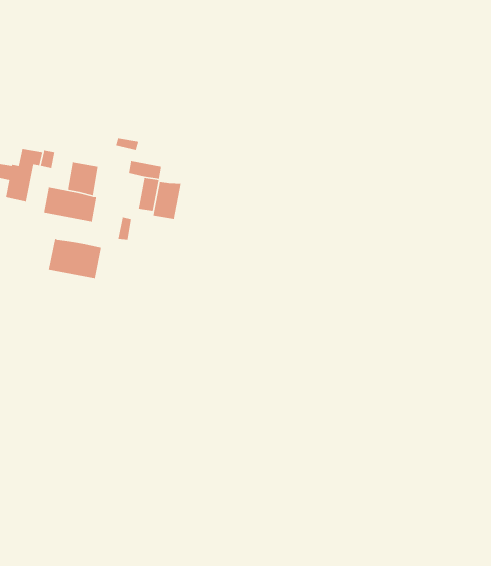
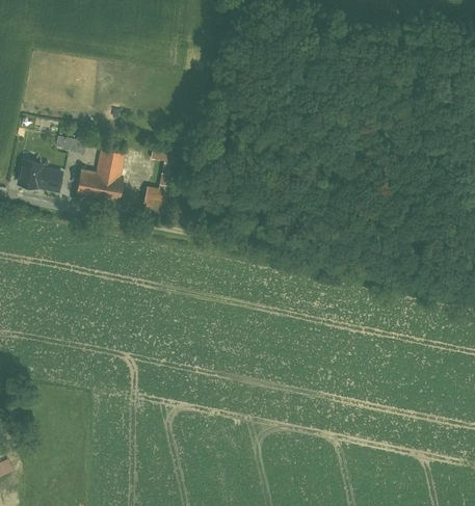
building: [153,181,181,220] -> none
building: [48,238,102,279] -> none

